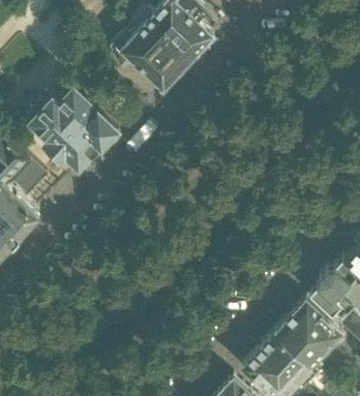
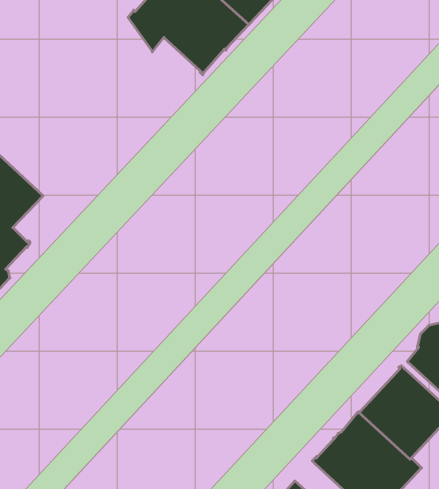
building: [26,85,120,167] -> none

